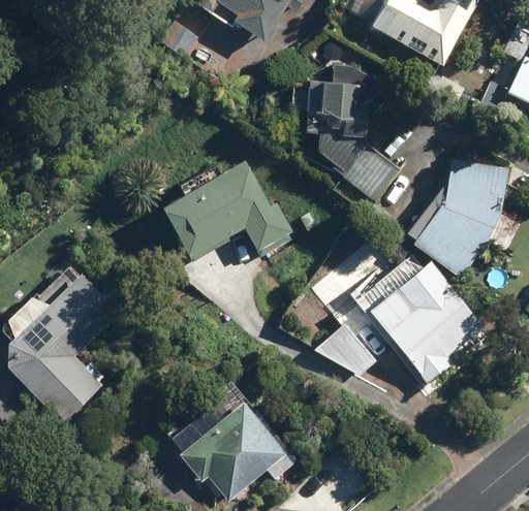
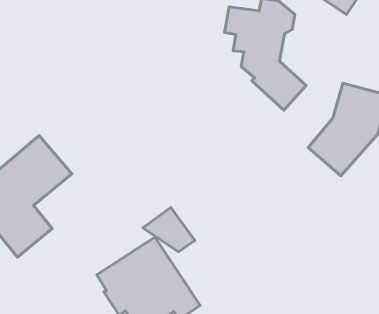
building: [156,159,293,261] -> none
building: [348,232,485,386] -> none
building: [313,320,380,375] -> [143,207,195,252]

